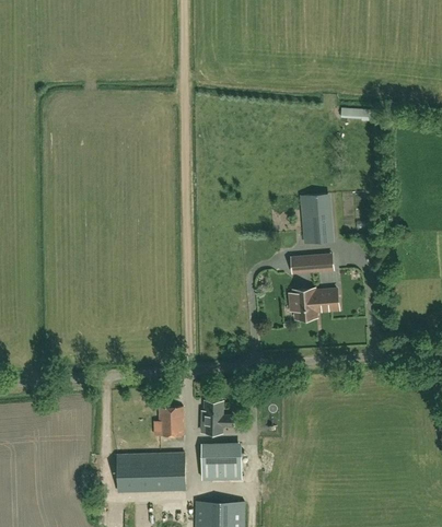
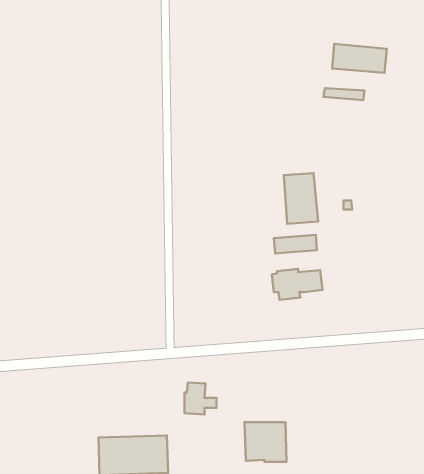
building: none -> [332,44,387,73]
building: [159,406,183,435] -> none
building: [202,442,244,481] -> [245,422,287,462]

